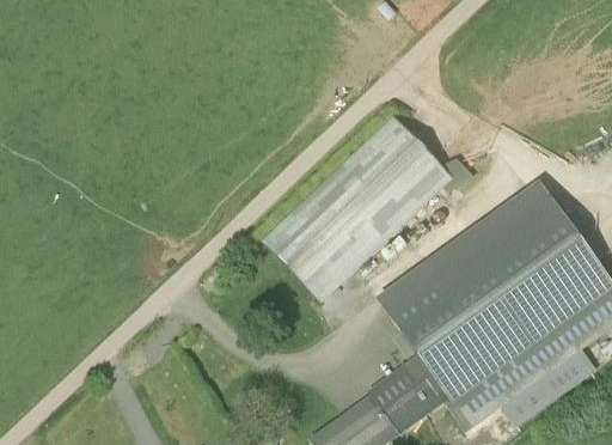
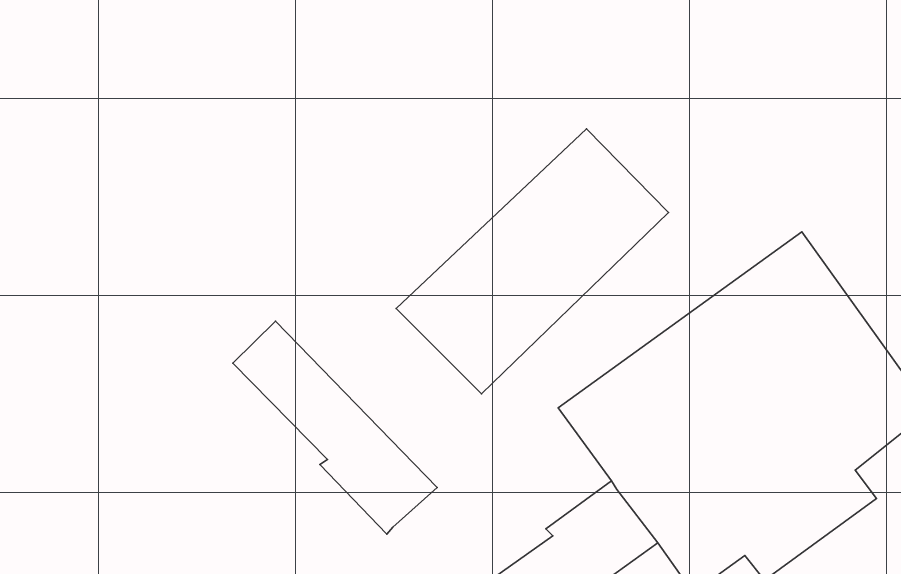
building: none -> [233,321,437,534]

